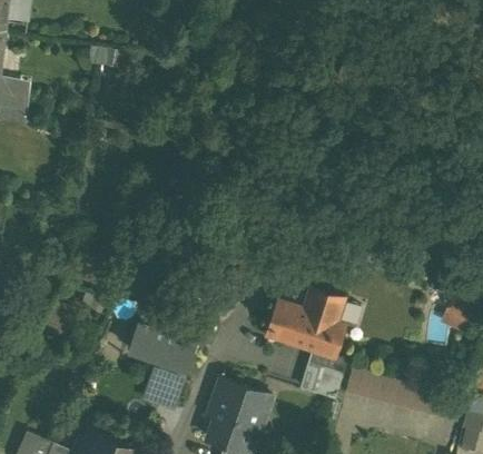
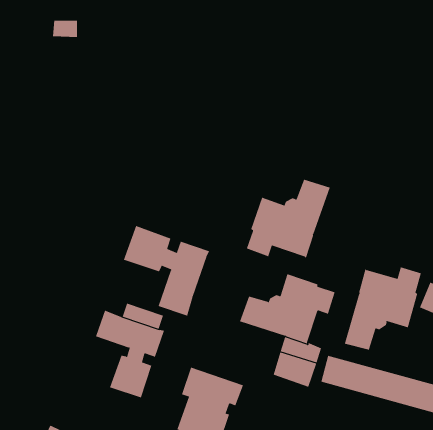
building: none -> [246,179,330,259]
building: none -> [123,225,210,317]
building: none -> [344,266,421,351]

